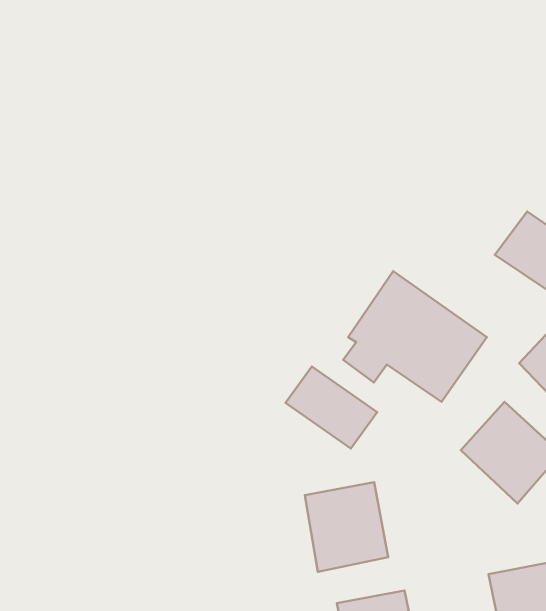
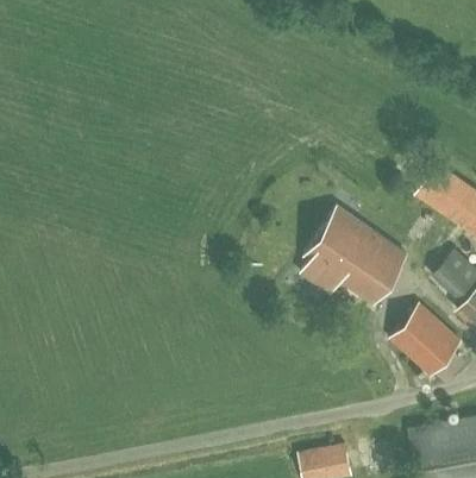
building: [285,366,377,449] -> none
building: [305,482,388,572] -> none

